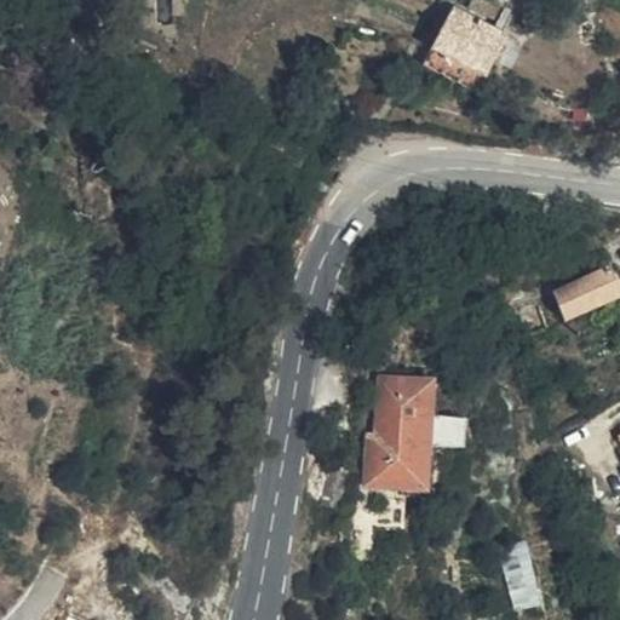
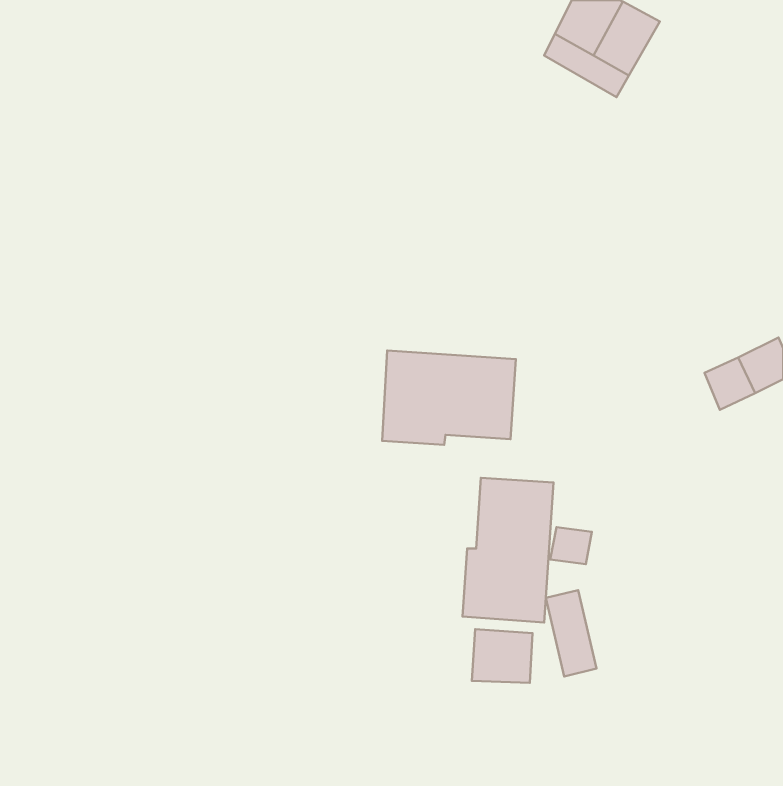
building: none -> [382,351,516,445]
building: none -> [472,629,533,683]
building: [500,540,540,608] -> [546,590,597,676]

